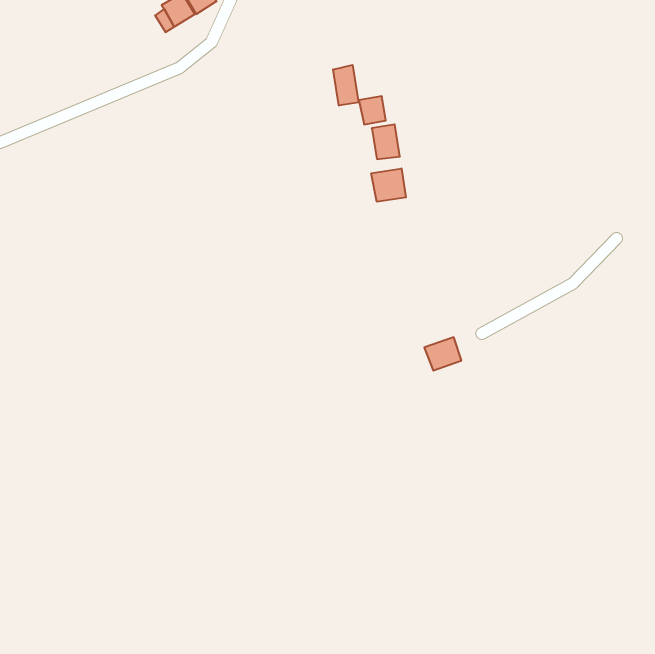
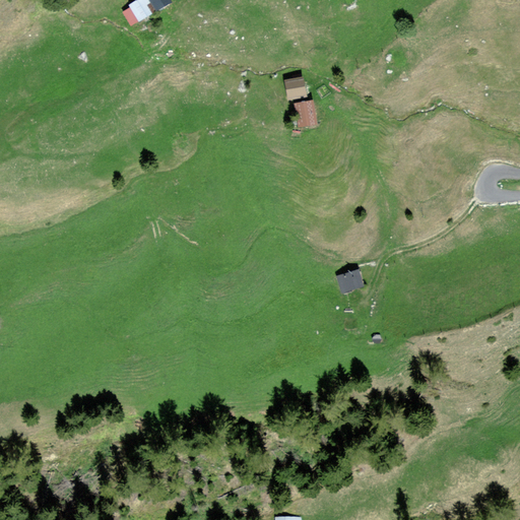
building: [333,65,359,106] -> none
building: [371,168,406,202] -> none

